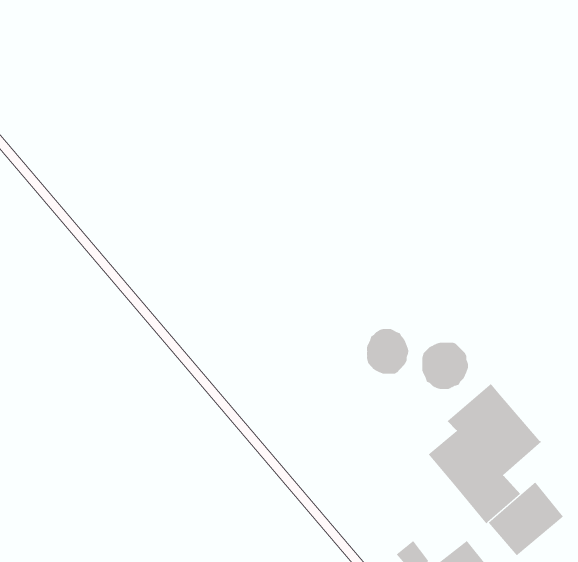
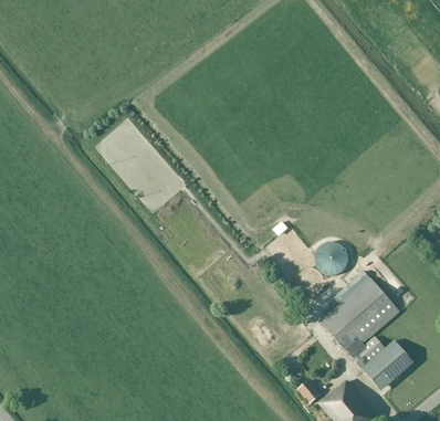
building: [367,328,409,374] -> none

